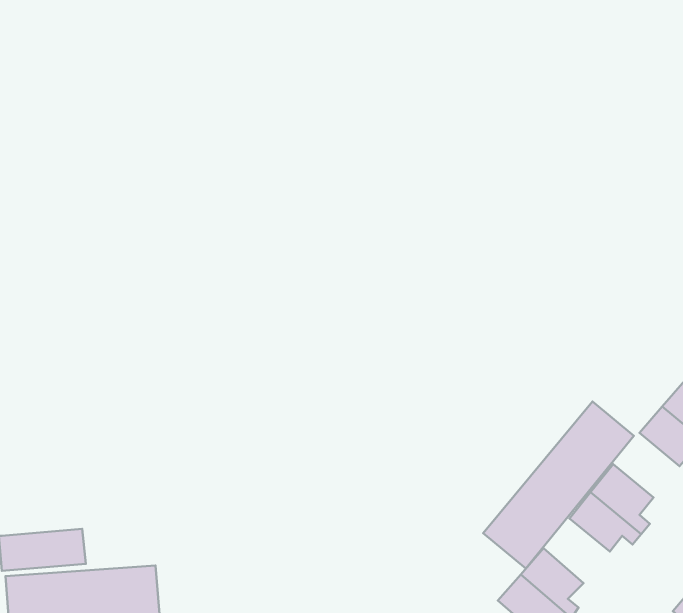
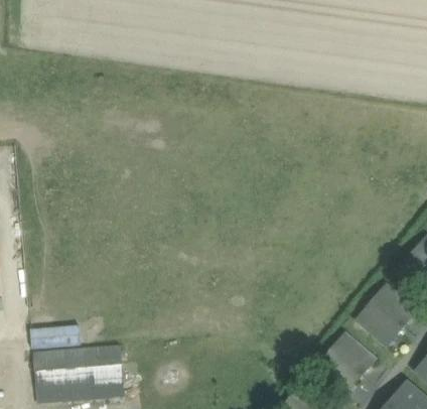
building: [483,401,634,568] -> none

